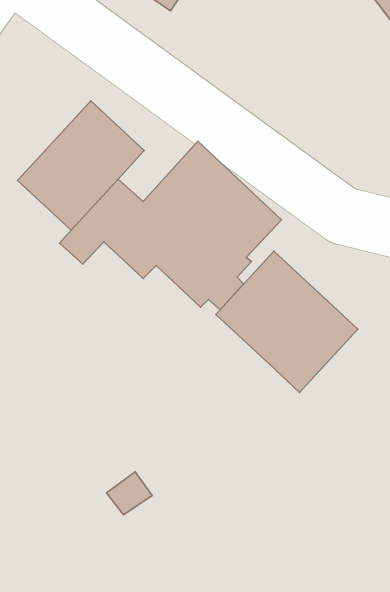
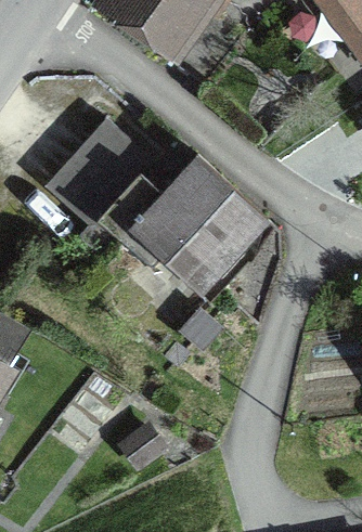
building: [216,251,358,392] -> none

